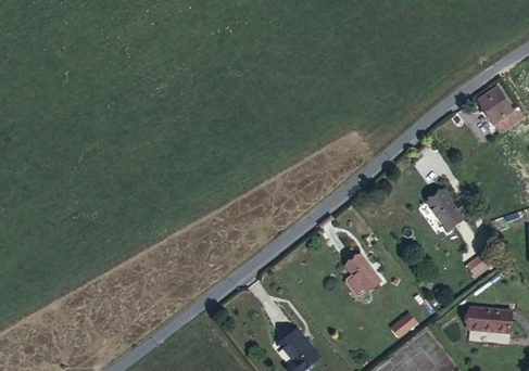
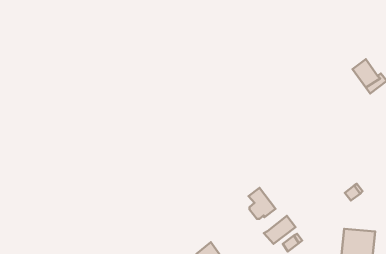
building: [428,192,462,231] -> none
building: none -> [264,216,295,244]

